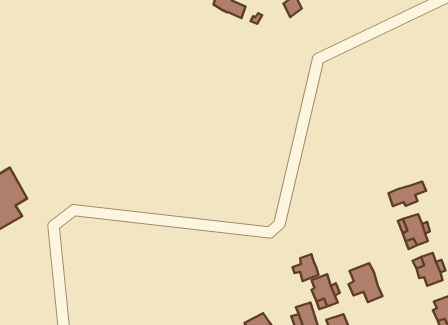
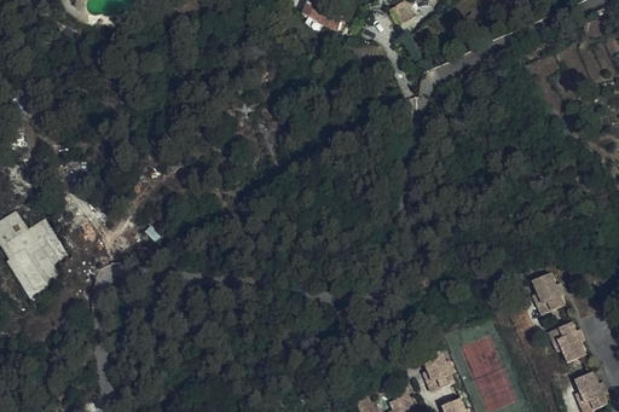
building: [389,181,426,206] -> none
building: [292,254,318,281] -> none
building: [348,263,382,302] -> none

